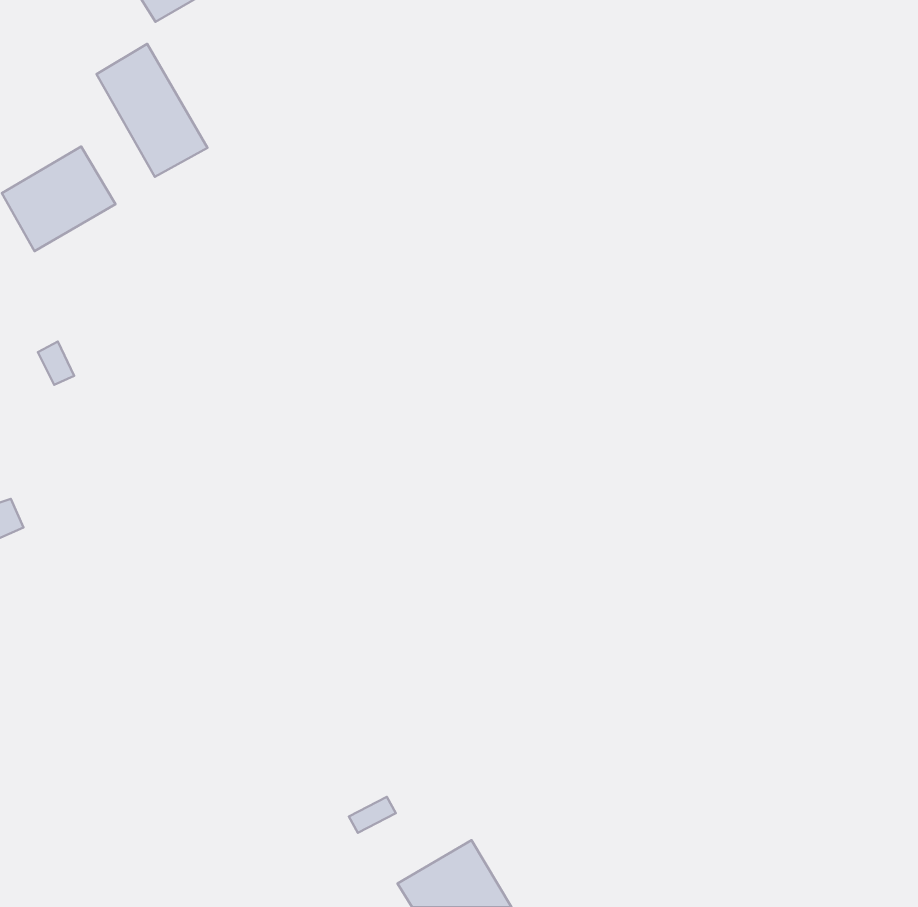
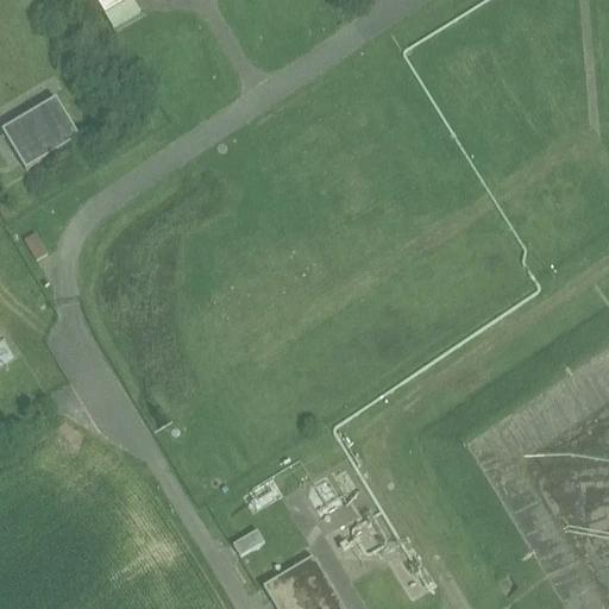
building: [97,44,207,177] -> none

